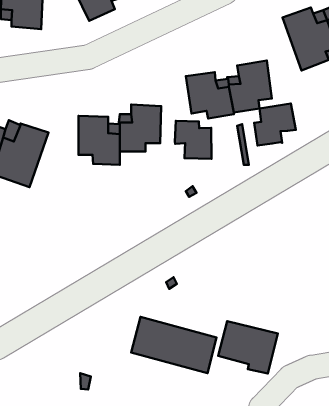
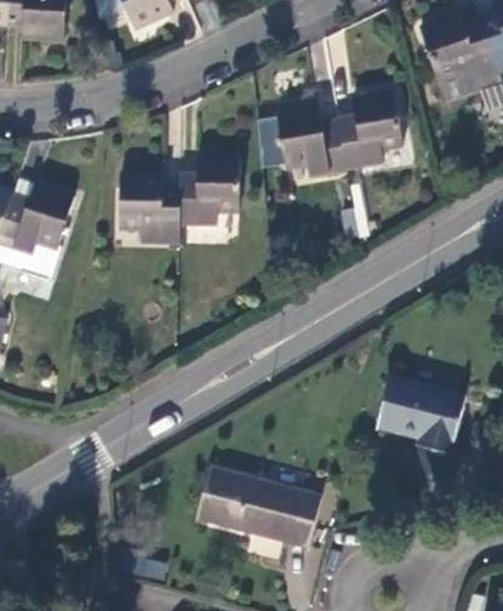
building: [254,103,296,145] -> none
building: [175,121,211,159] -> none
building: [218,321,278,373] -> [377,378,464,455]

